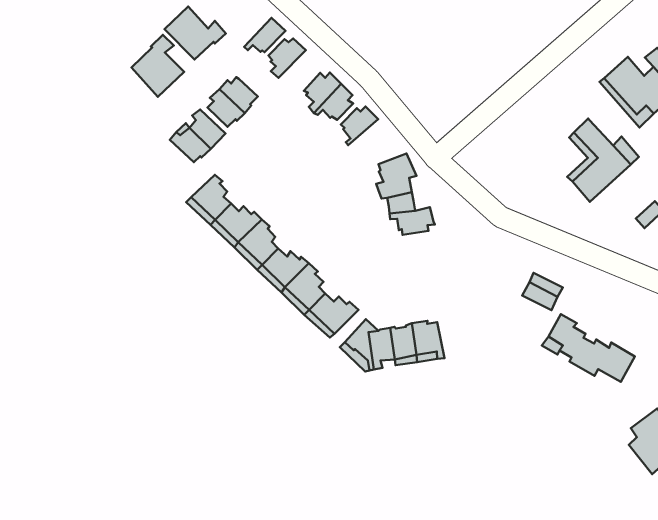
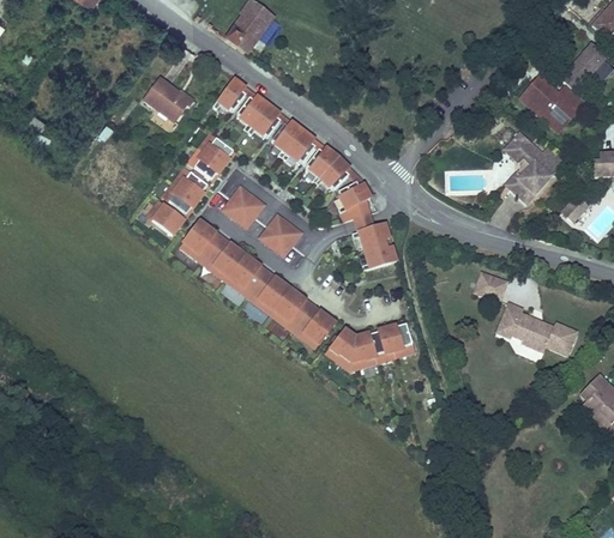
building: [132,35,184,97] -> none
building: none -> [246,103,277,135]
building: none -> [312,155,345,187]
building: none -> [222,183,266,229]
building: none -> [148,197,180,231]
building: none -> [258,211,305,256]
building: none -> [362,244,401,271]

